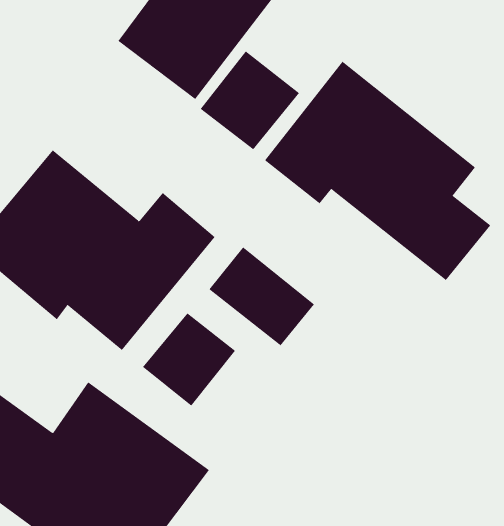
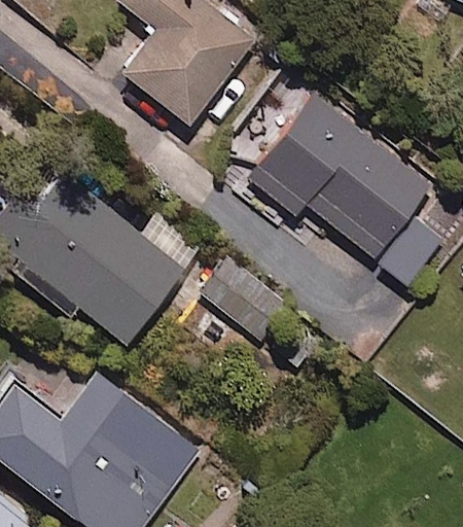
building: [200,50,300,150] -> none
building: [142,313,236,406] -> none

